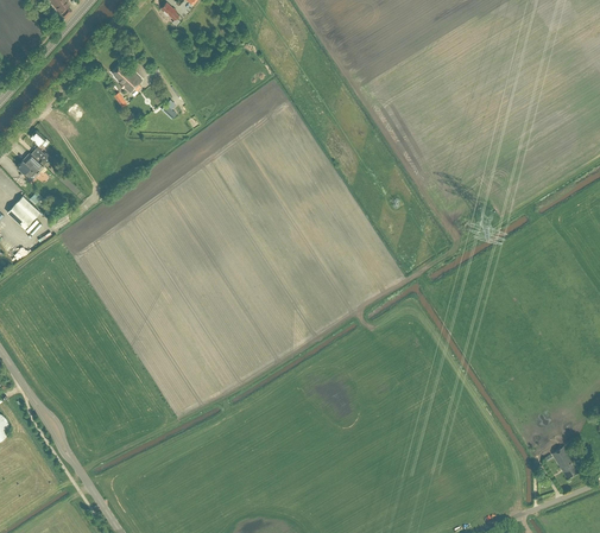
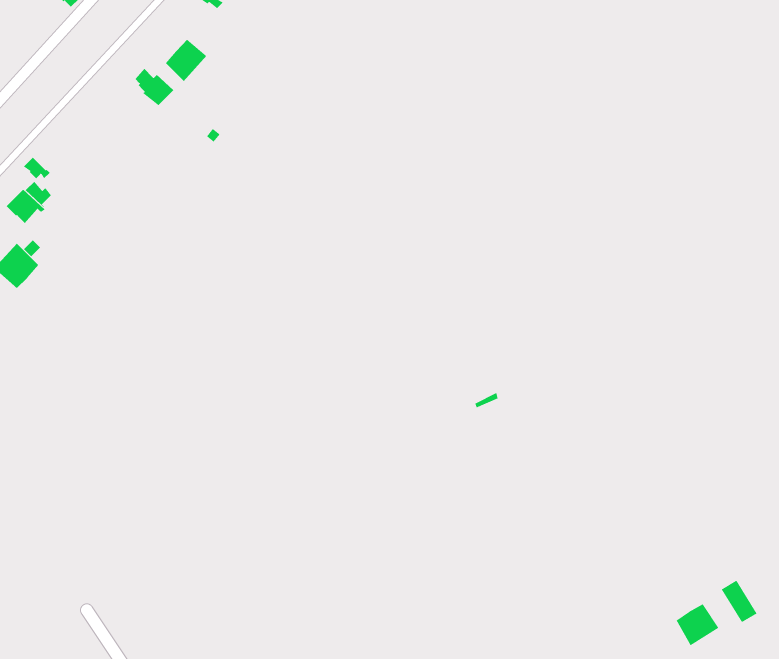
building: none -> [165,39,207,82]
building: none -> [676,603,719,646]

